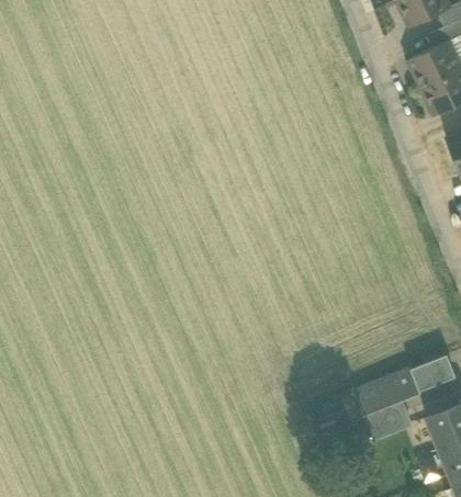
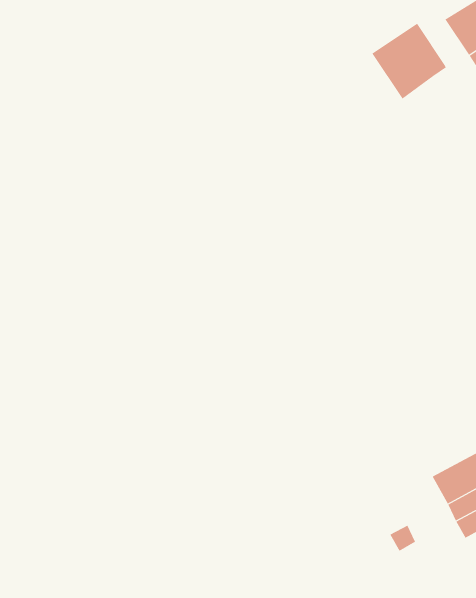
building: none -> [372,23,447,99]

